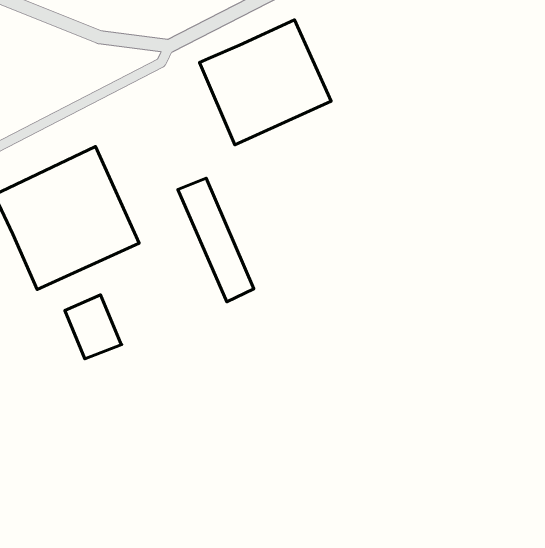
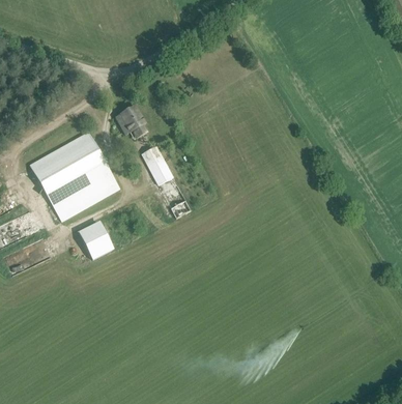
building: [199,20,331,145] -> none
building: none -> [115,106,146,140]

